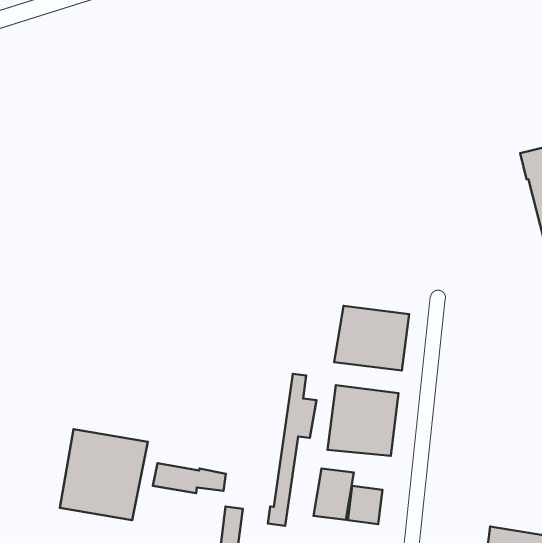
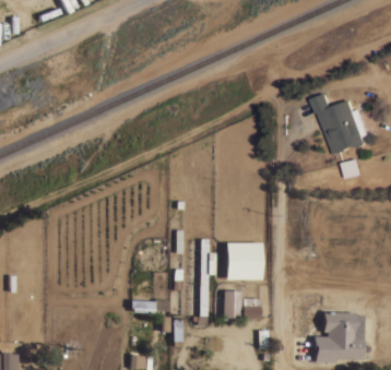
building: [334,306,409,371] -> none
building: [60,429,148,520] -> none

